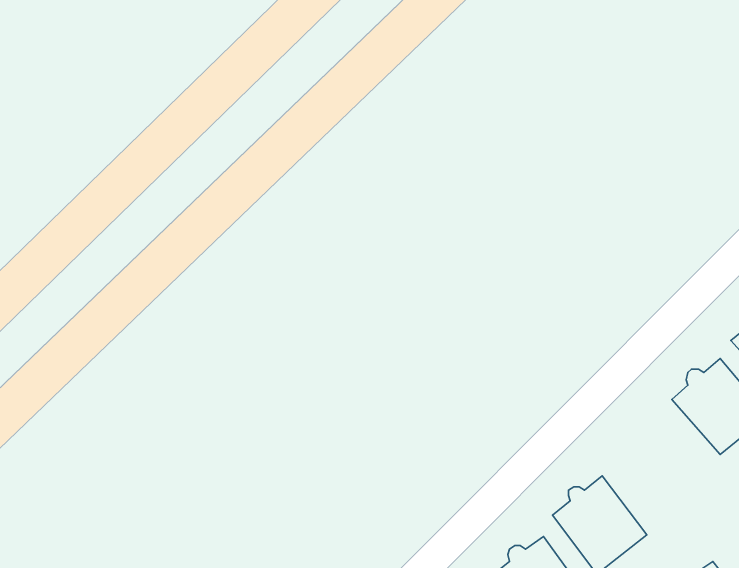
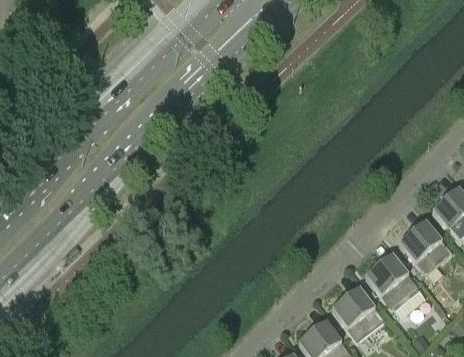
building: none -> [365,253,424,315]

